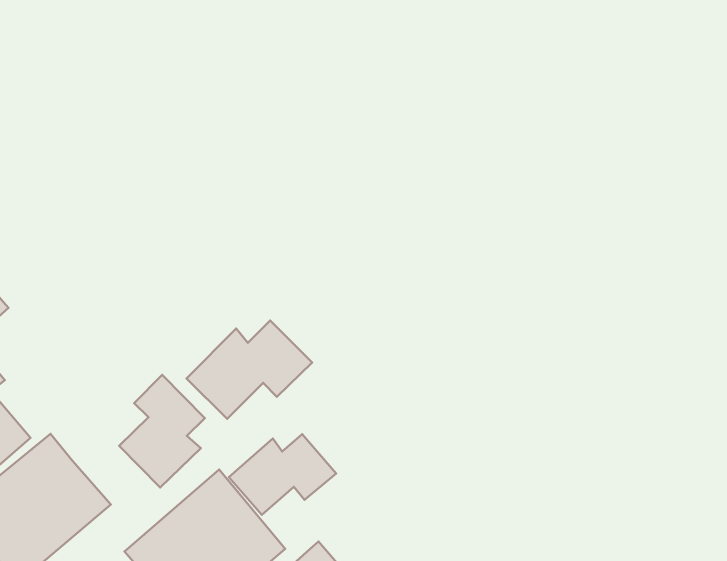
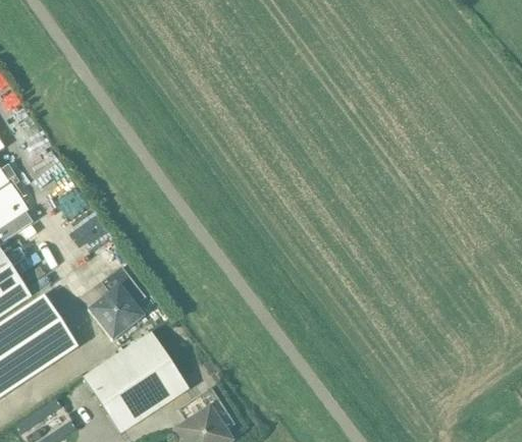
building: [187,320,312,419] -> none
building: [229,434,336,515] -> none

